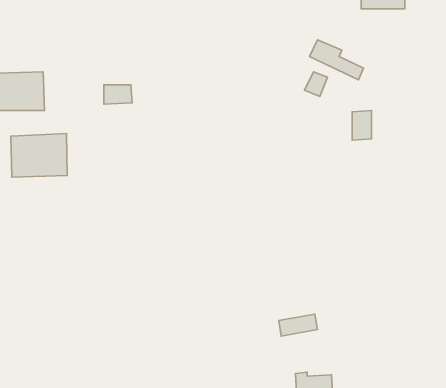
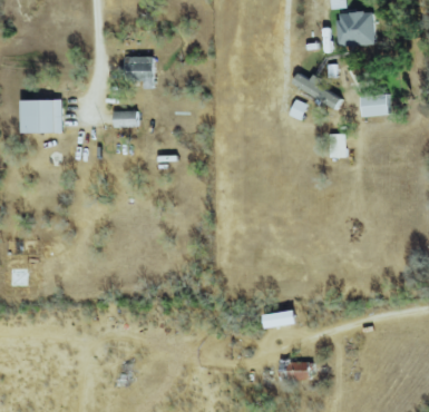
building: none -> [125,56,154,88]
building: none -> [361,94,390,116]
building: [11,133,67,177] -> none

